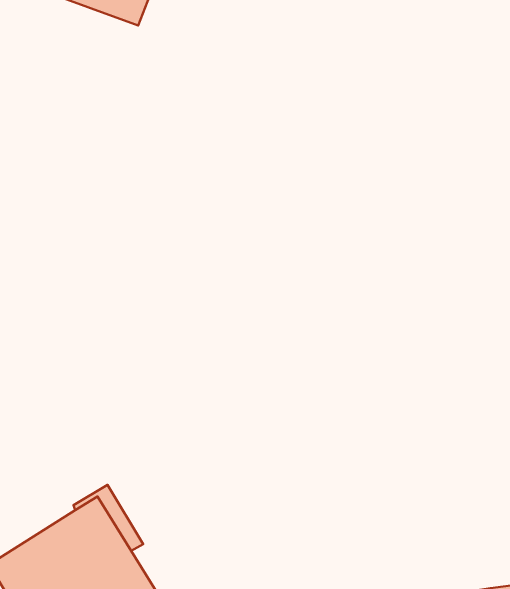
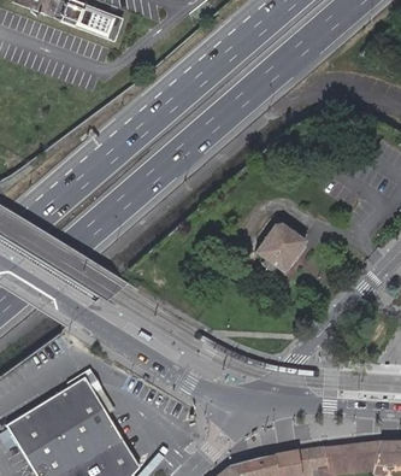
building: none -> [253,222,302,268]

